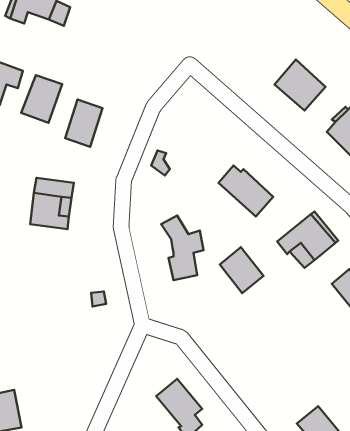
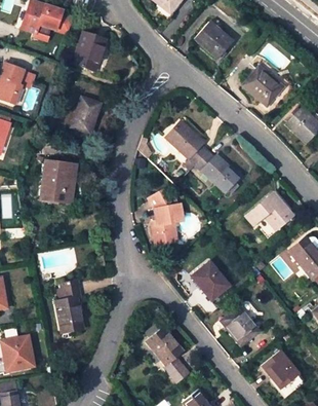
building: none -> [195,21,234,58]
building: [21,75,62,123] -> [72,34,106,73]
building: none -> [165,121,208,172]
building: [220,247,263,293] -> [190,261,226,299]
building: none -> [57,282,85,335]
building: none -> [218,304,256,343]

